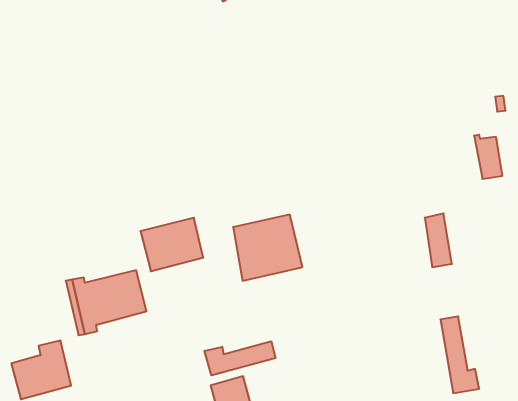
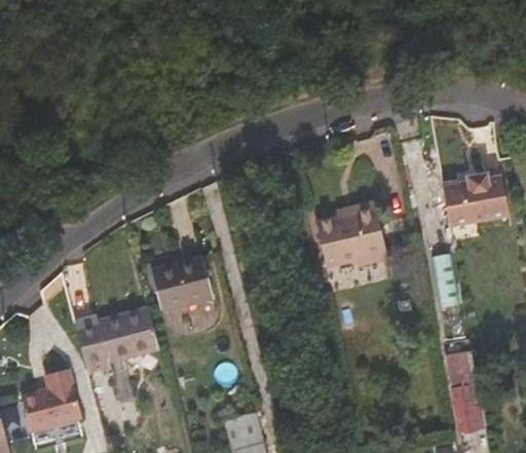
building: none -> [441,177,487,225]
building: [233,215,302,281] -> [317,200,385,265]
building: [205,341,276,375] -> none

